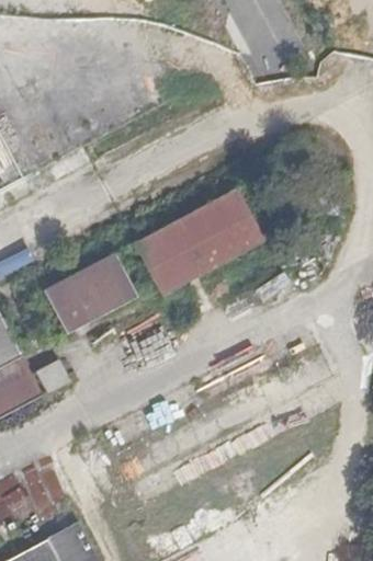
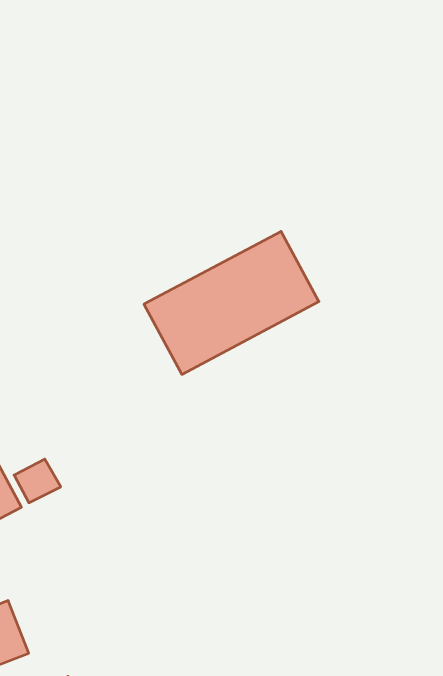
building: [45,254,137,333] -> none

